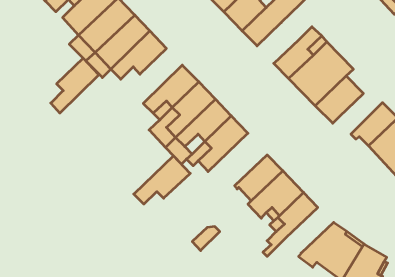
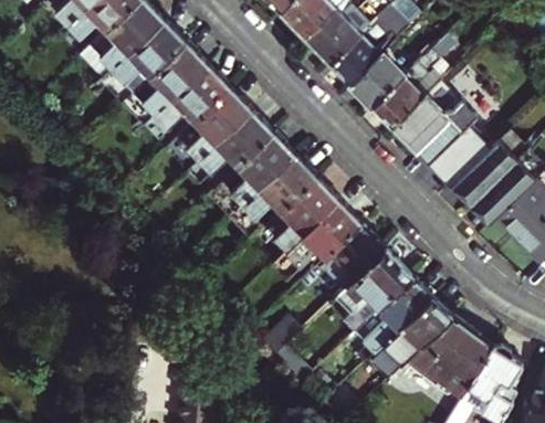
building: none -> [347,52,402,106]
building: [51,58,99,113] -> [184,86,248,159]
building: none -> [457,139,514,200]
building: [134,156,190,204] -> [282,199,357,263]
building: none -> [386,297,449,358]

